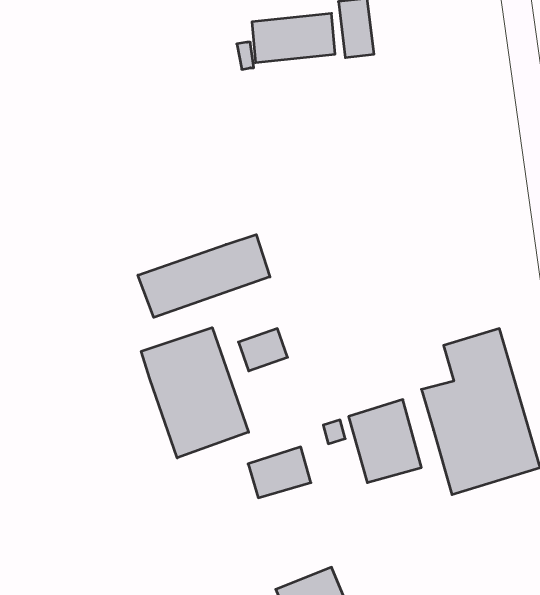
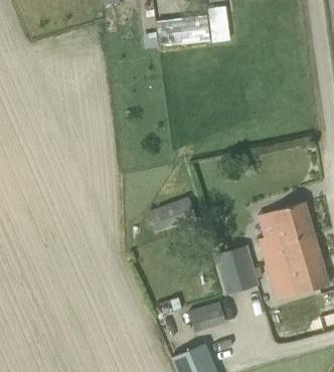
building: [138,235,270,317] -> none
building: [141,328,249,458] -> none
building: [248,447,311,498] -> [189,301,226,331]

